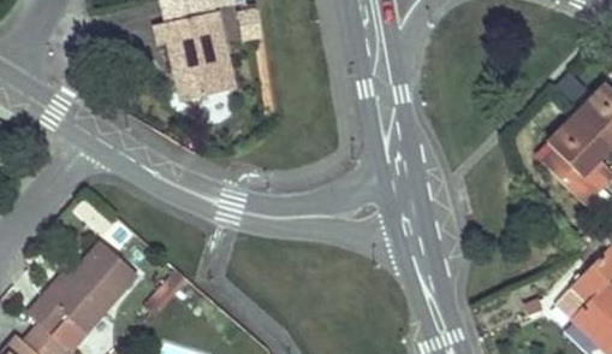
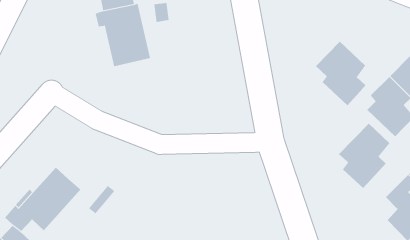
building: none -> [315,41,366,106]
building: none -> [338,123,390,189]

